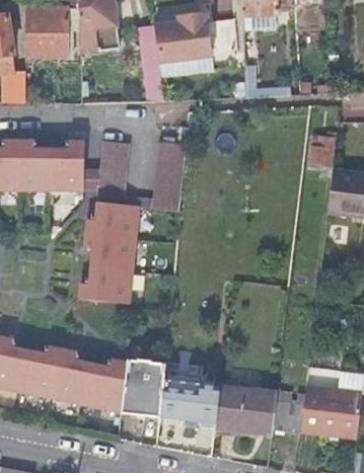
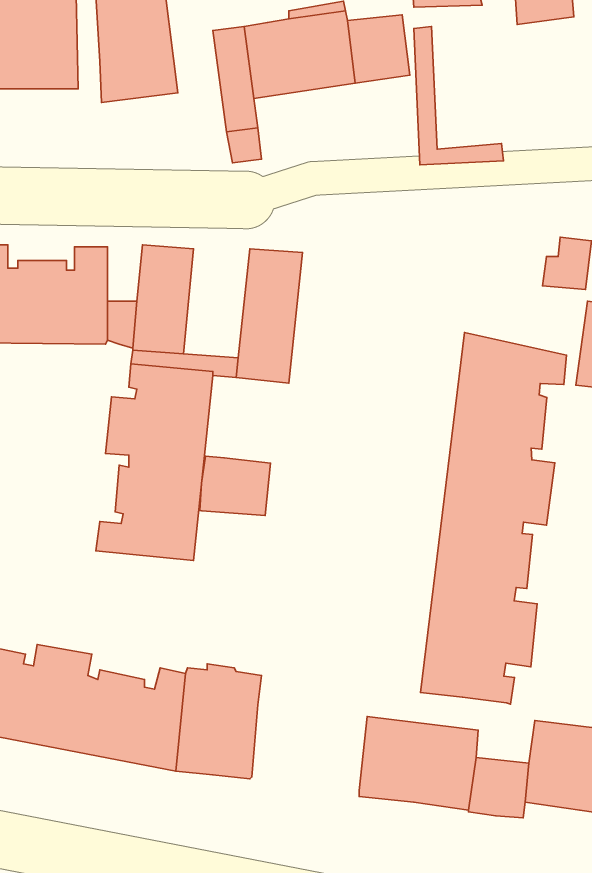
building: none -> [420,333,567,704]
building: none -> [200,456,271,515]
building: [159,378,219,422] -> none

